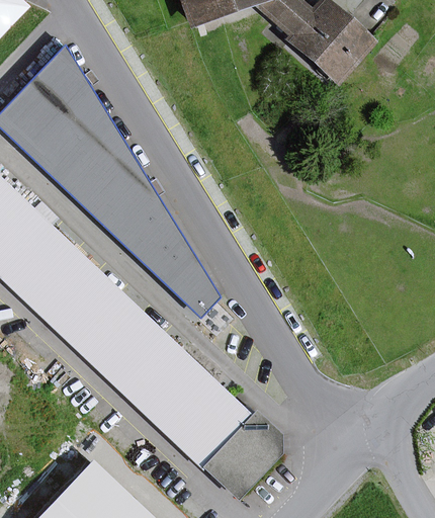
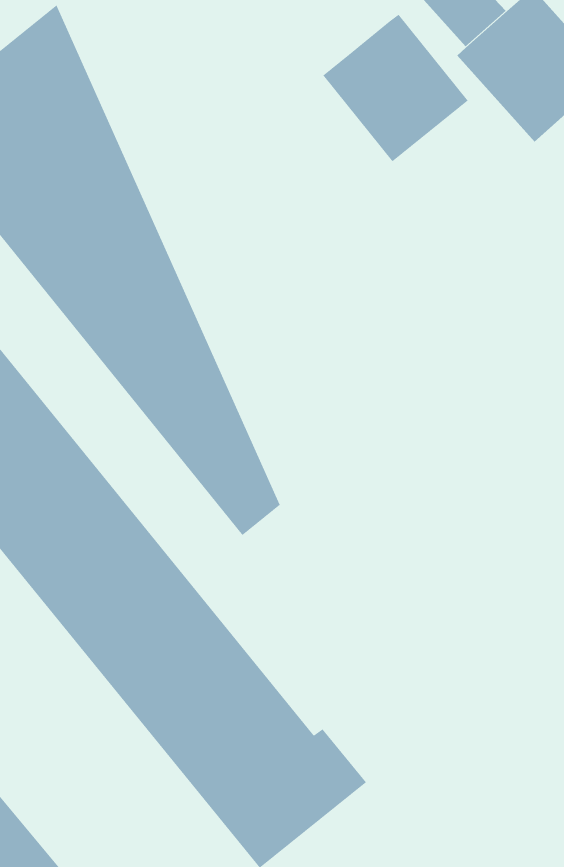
building: none -> [323,14,468,162]

